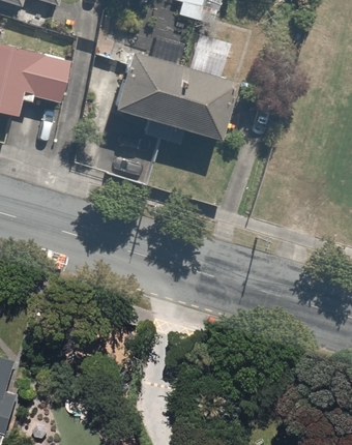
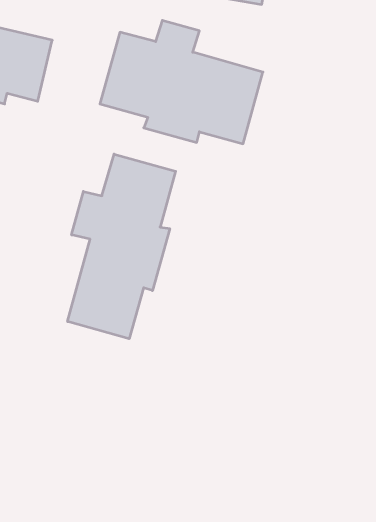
building: none -> [68,154,176,339]

